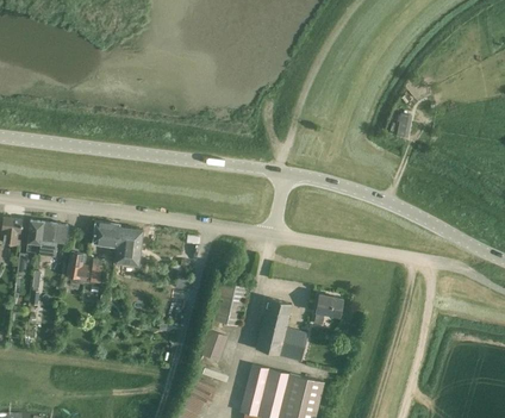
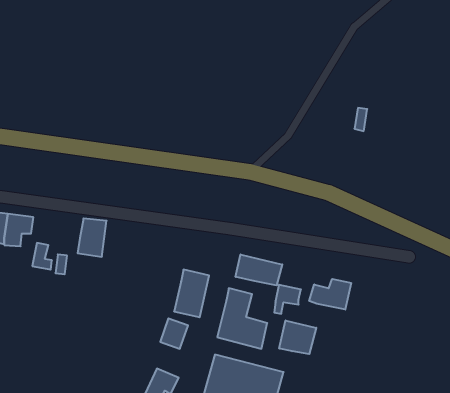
building: [92,220,119,247] -> none
building: none -> [236,254,282,285]
building: none -> [309,279,351,310]
building: none -> [279,320,316,354]

